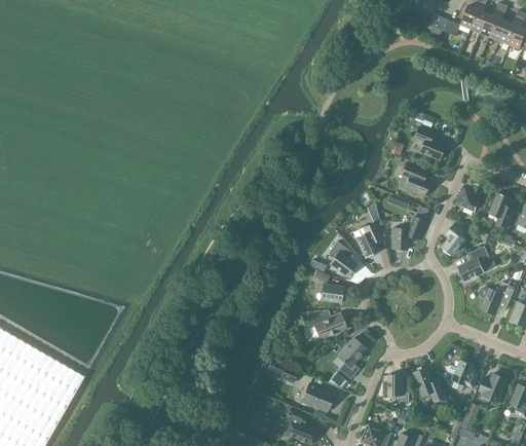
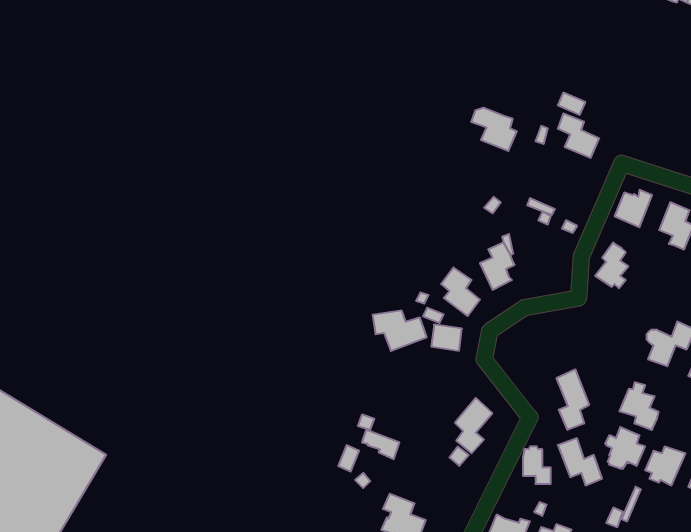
building: [397,163,430,195] -> [471,108,517,151]
building: [390,217,424,249] -> none
building: [459,246,495,280] -> none
building: [306,308,346,338] -> [373,311,427,351]
building: none -> [557,369,589,430]
building: none -> [619,382,658,430]
building: [302,383,334,411] -> none

